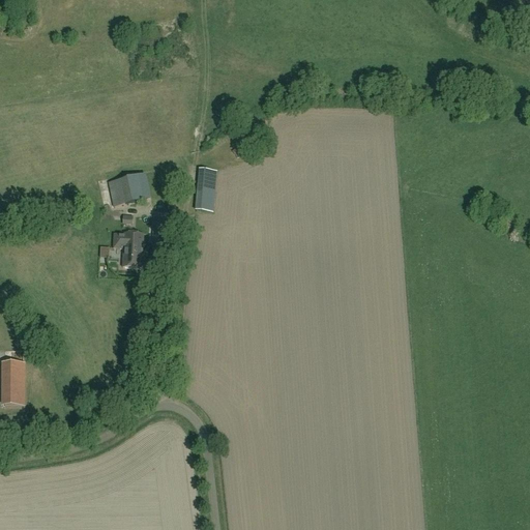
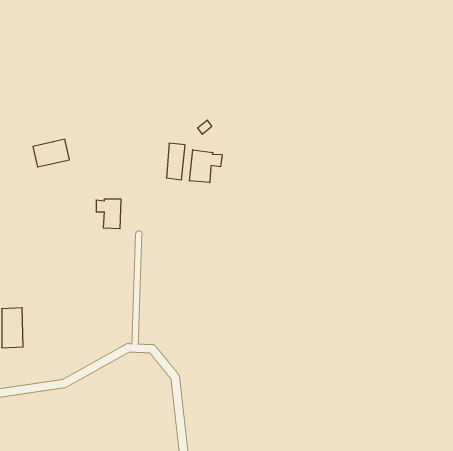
building: [107,173,149,205] -> [33,139,69,167]
building: none -> [190,150,222,183]

